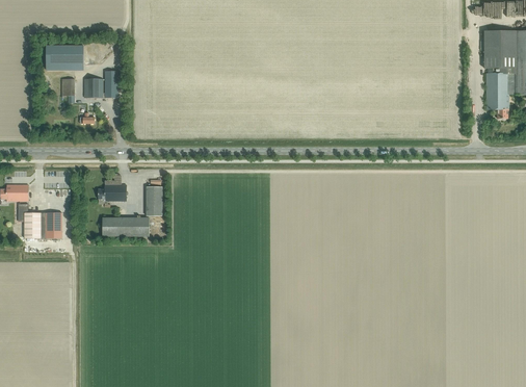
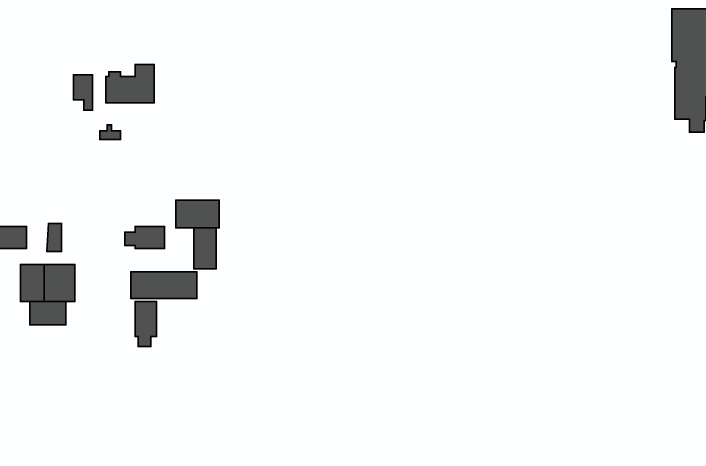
building: [47,46,84,64] -> none
building: none -> [176,200,219,228]
building: none -> [30,301,66,325]
building: none -> [135,301,157,346]

